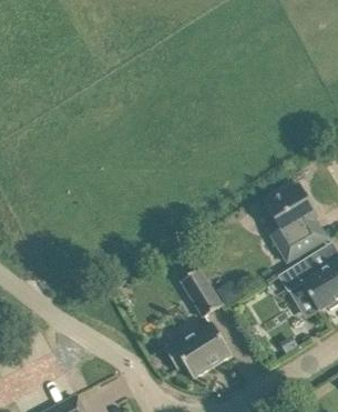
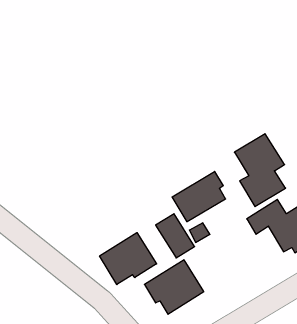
building: none -> [172,171,226,222]
building: none -> [100,233,157,285]

